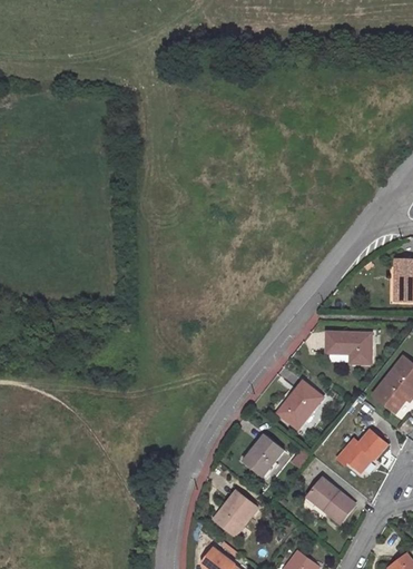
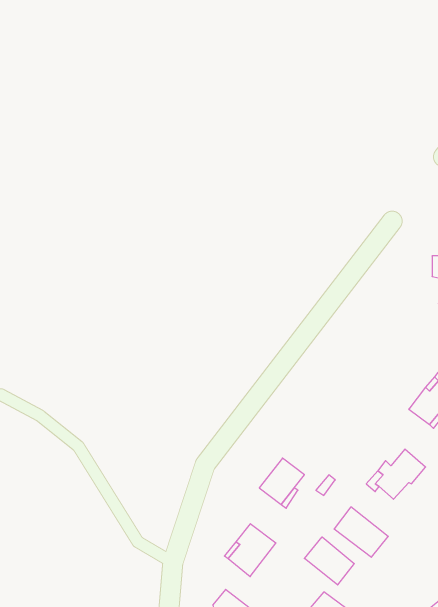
building: [331,330,375,360] -> none
building: [277,383,322,430] -> none
building: none -> [304,537,354,585]

